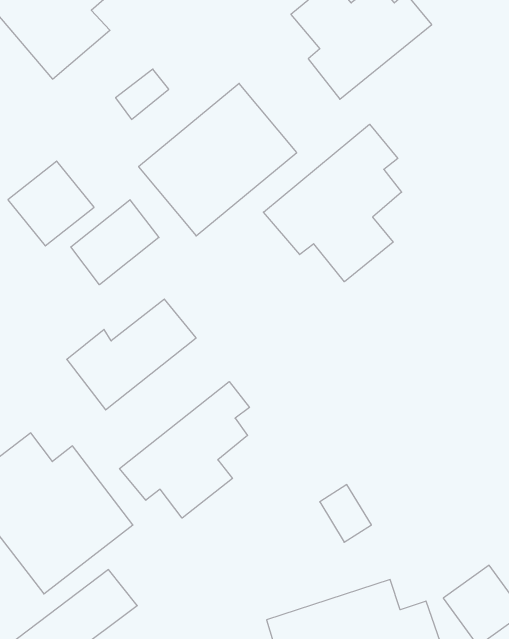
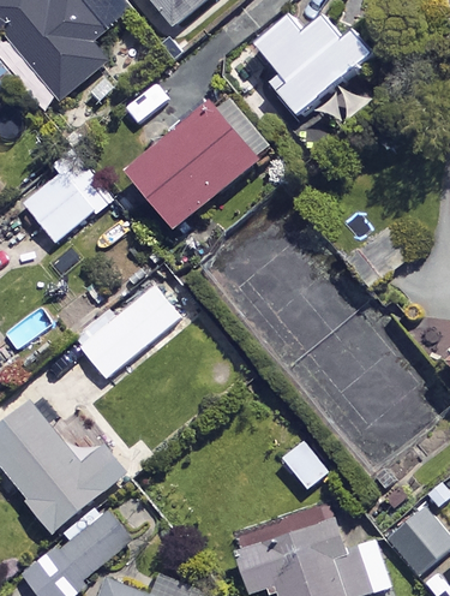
building: [263,124,402,282] -> none
building: [71,200,159,285] -> none
building: [120,382,249,518] -> none

